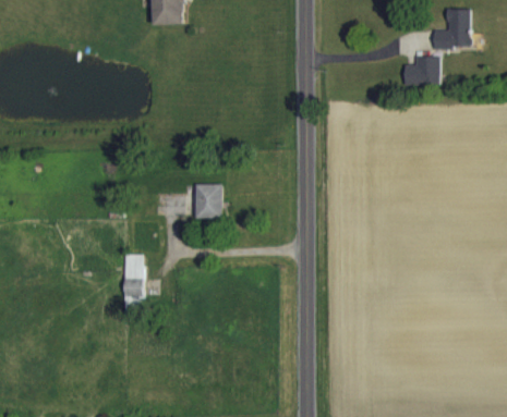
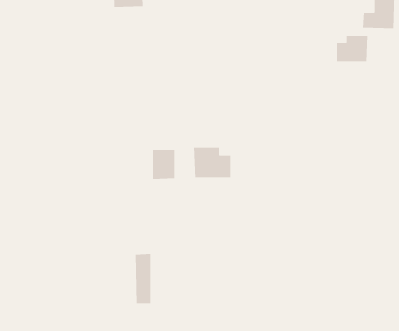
building: none -> [194,147,231,178]
building: [123,255,142,311] -> [135,254,151,304]

